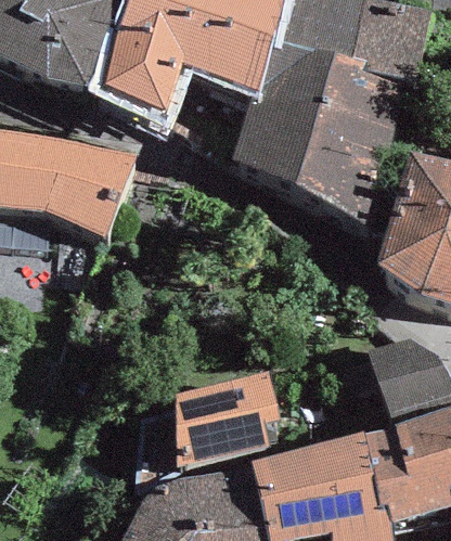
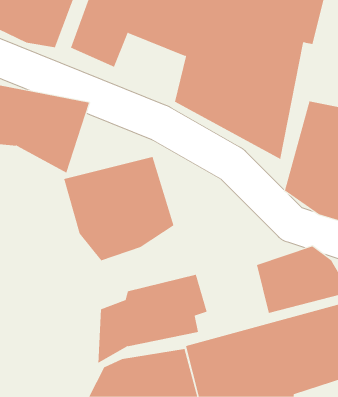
building: none -> [64,156,174,261]

